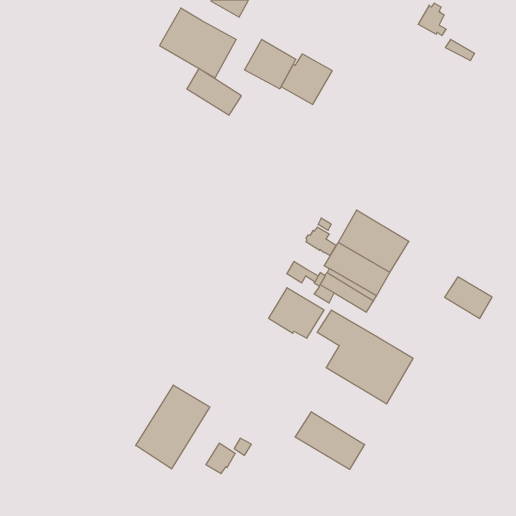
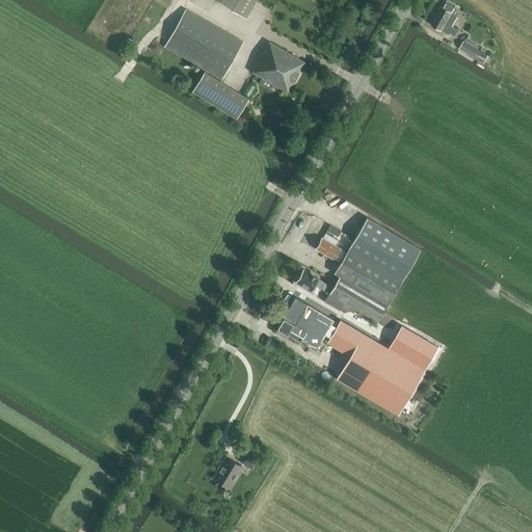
building: [281,54,332,105] -> none
building: [445,277,492,318] -> [389,326,437,369]
building: [136,385,210,469] -> none
building: [295,412,365,469] -> none

